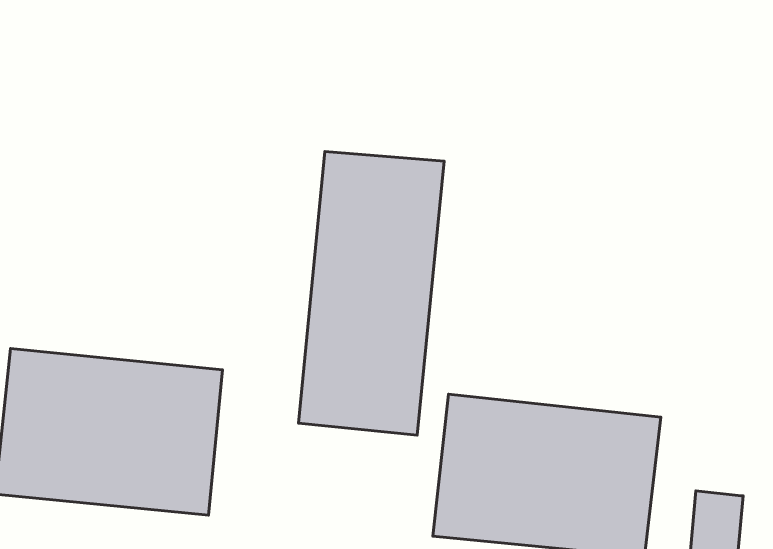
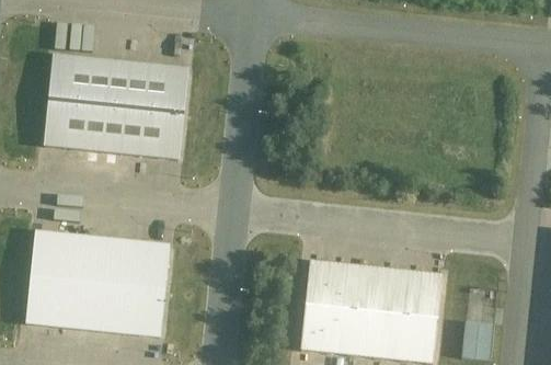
building: none -> [45,54,187,159]
building: [298,151,444,435] -> none

